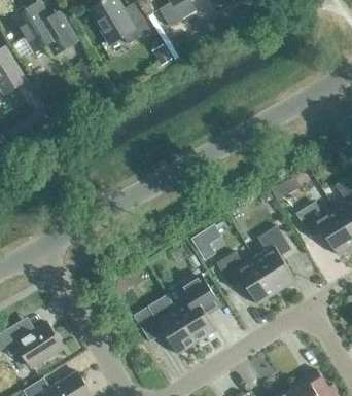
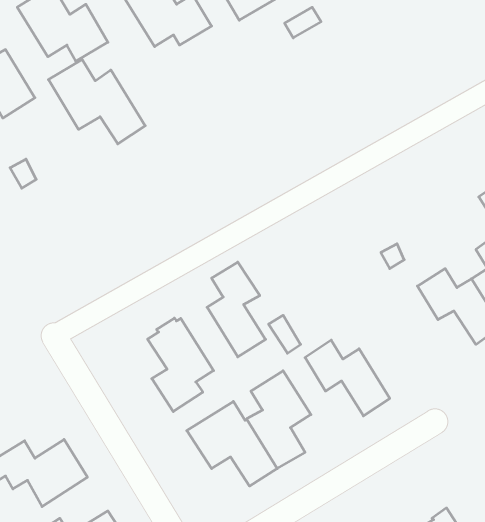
building: none -> [48,60,145,144]
building: [254,225,295,292] -> [207,262,266,357]
building: none -> [148,318,214,412]

